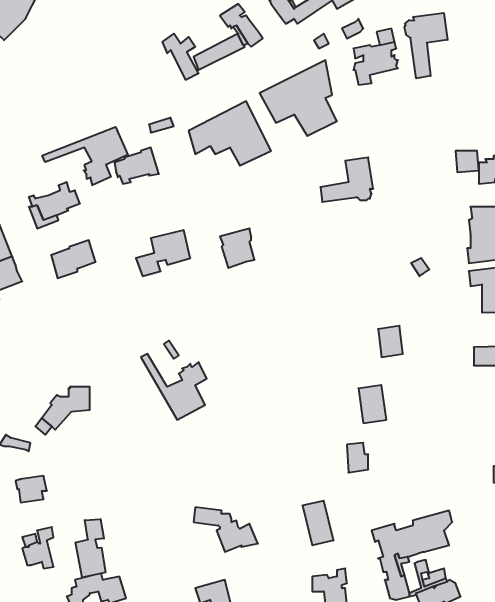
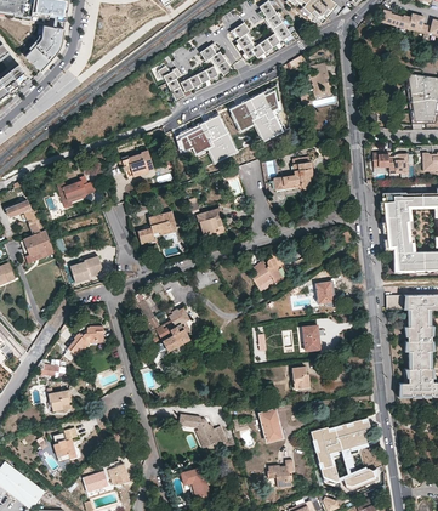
building: [404,13,448,78] -> none
building: [42,127,128,185] -> none
building: [51,240,96,278] -> [70,255,103,283]
building: none -> [252,257,283,291]
building: [76,519,105,577] -> none

